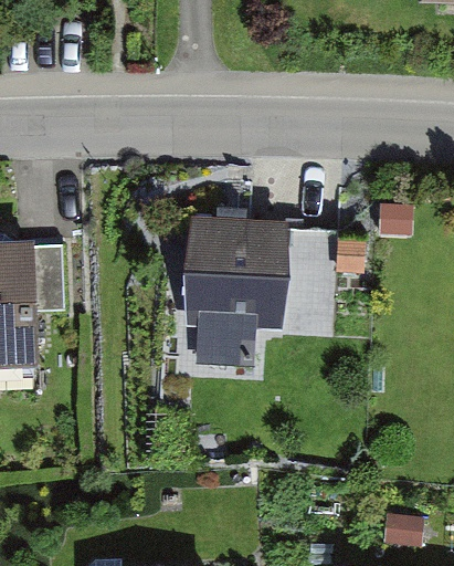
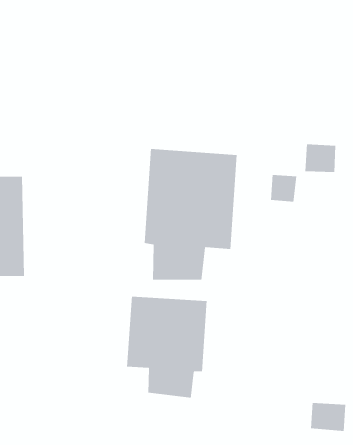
building: none -> [127,296,207,399]

